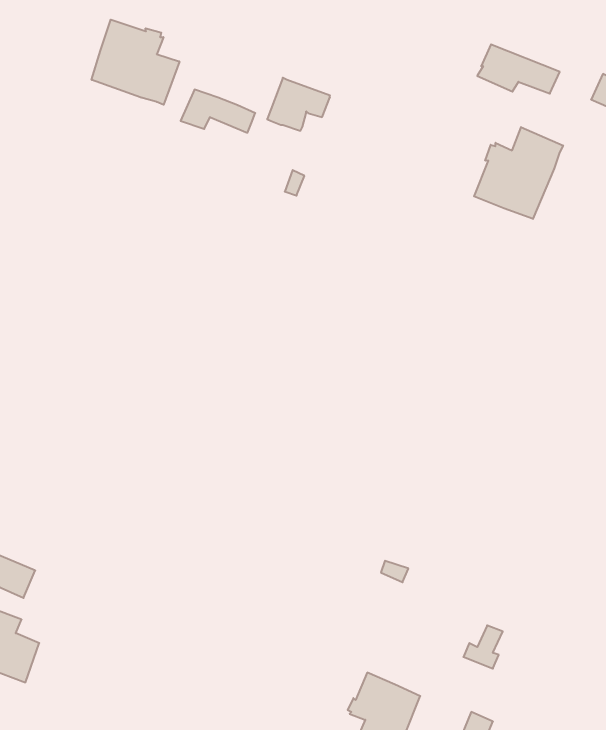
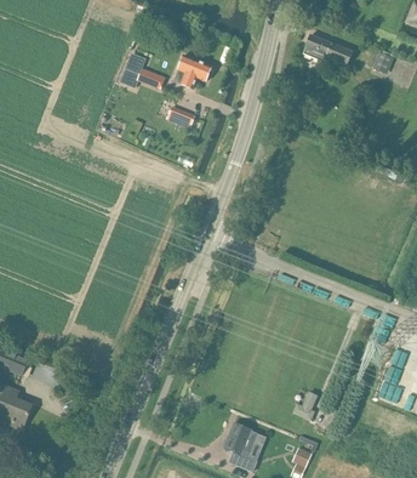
building: [92,20,179,105] -> none
building: [474,127,563,219] -> none

